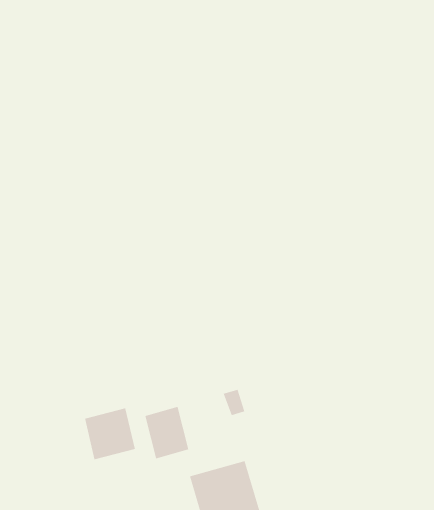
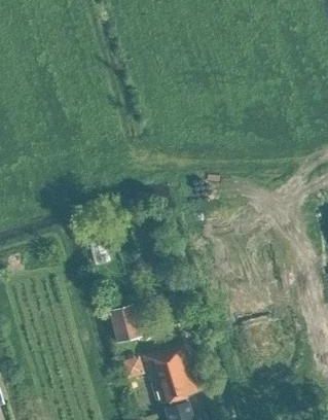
building: [84,408,135,460] -> none

